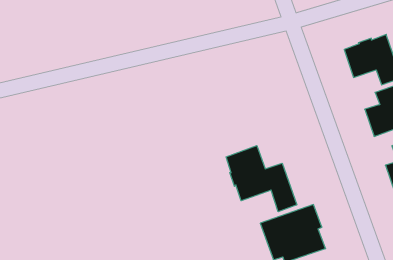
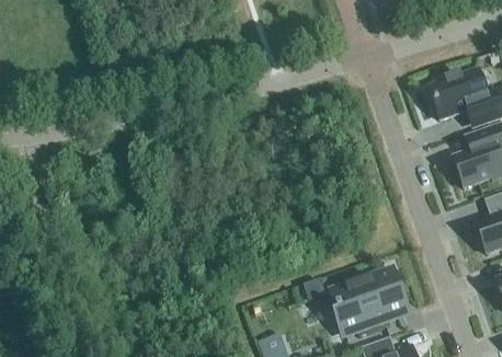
building: [226,146,297,212] -> none

